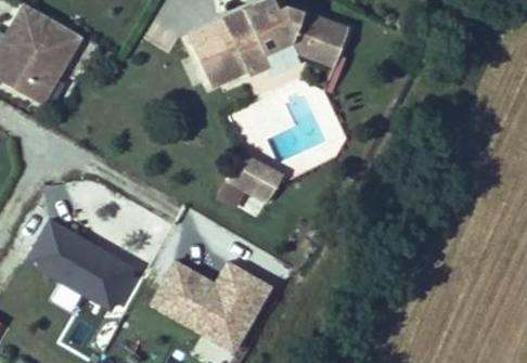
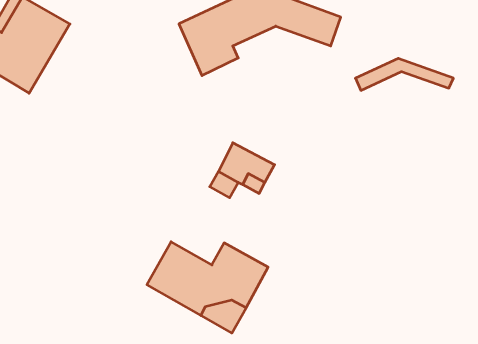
building: [241,40,337,72] -> [355,58,453,90]
building: [33,213,140,302] -> none

